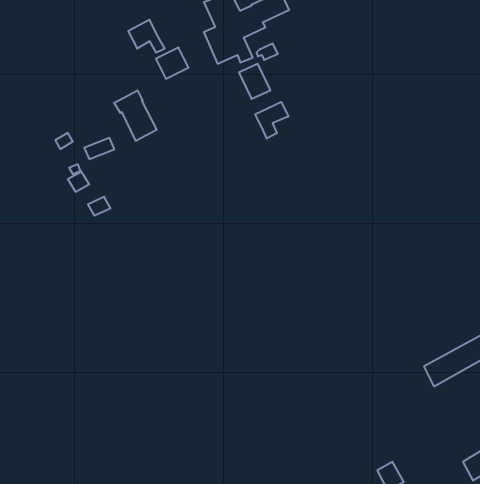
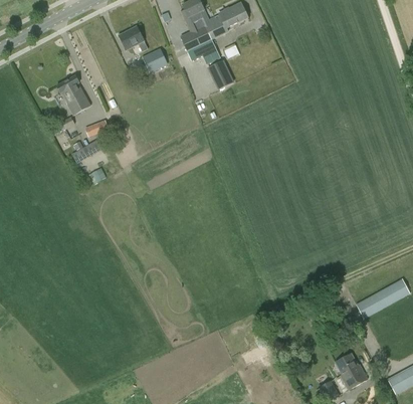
building: [114,91,157,141] -> [56,74,90,115]
building: [255,102,289,139] -> none
building: none -> [335,352,369,390]

